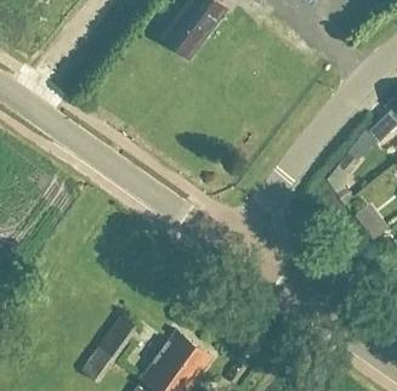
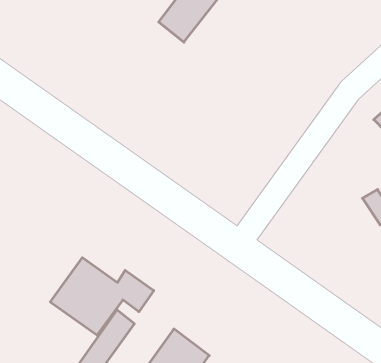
building: none -> [50,258,154,335]

